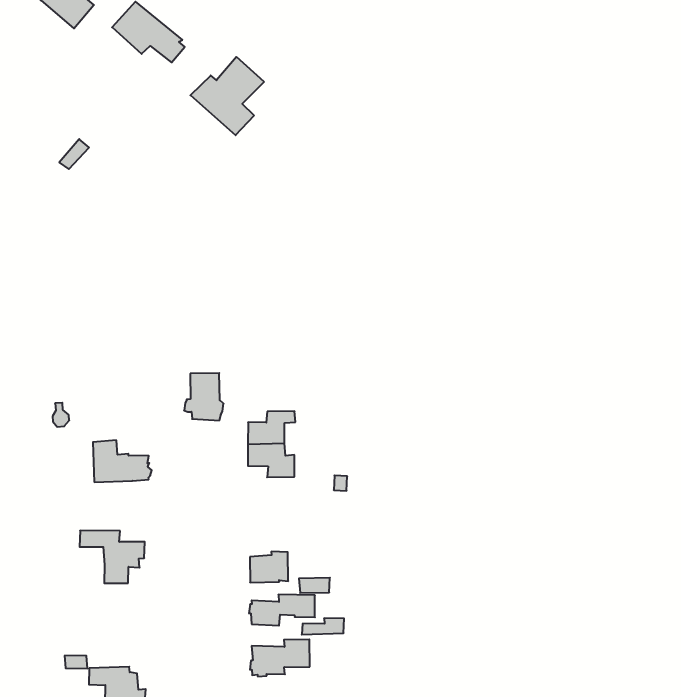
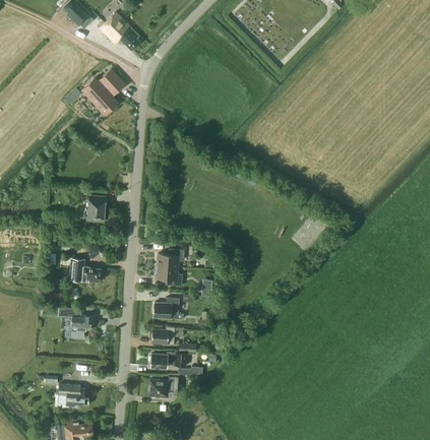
building: [190,57,264,135] -> [83,71,125,115]
building: [184,373,224,420] -> [83,195,106,223]
building: none -> [152,298,179,319]

